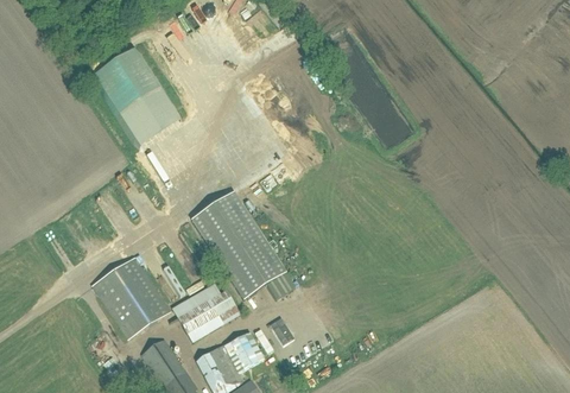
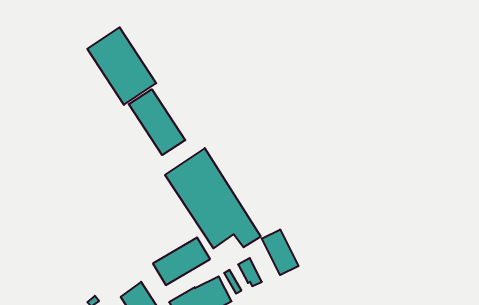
building: none -> [129,89,185,155]
building: [89,256,169,338] -> none
building: none -> [262,229,298,275]

